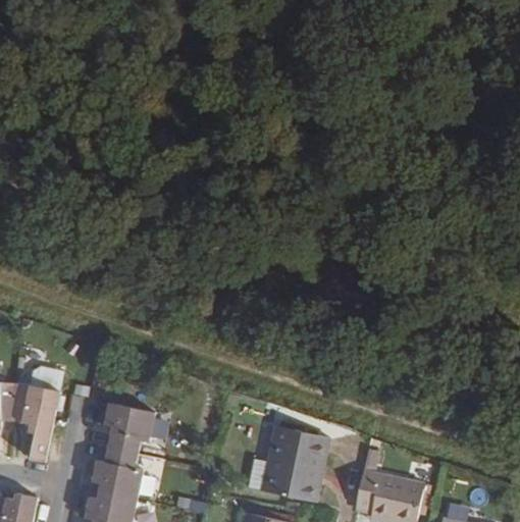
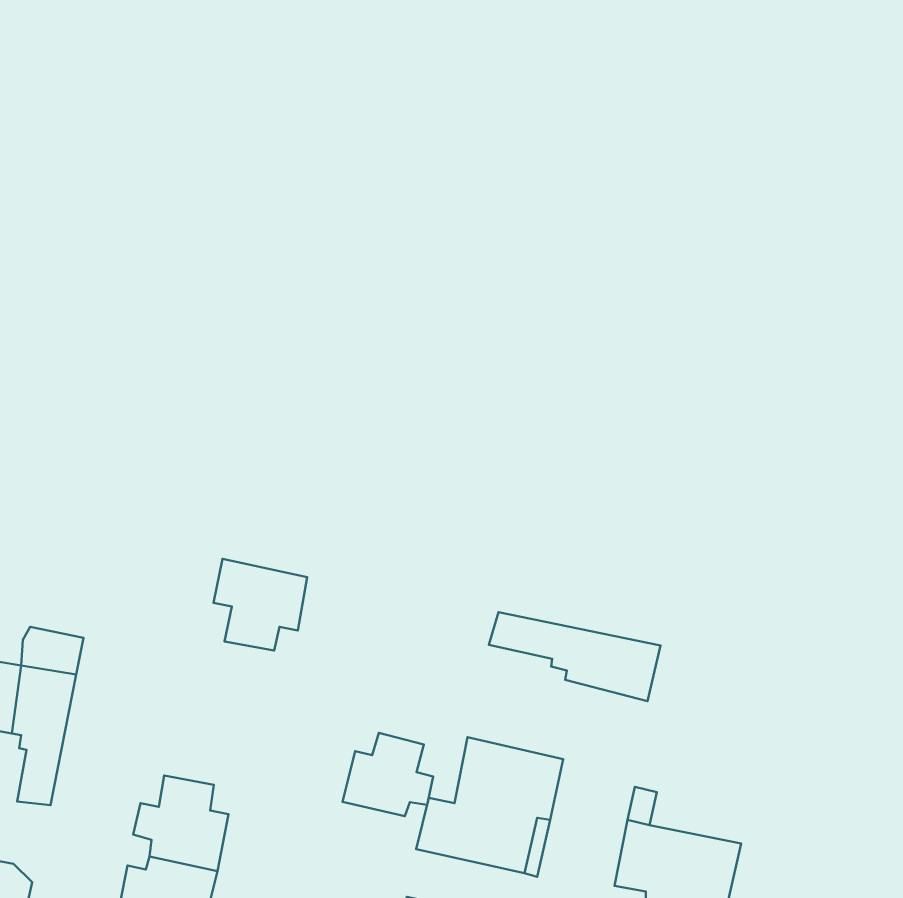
building: none -> [489,612,660,701]
building: [101,401,153,452] -> [213,559,307,651]
building: none -> [342,733,433,816]

